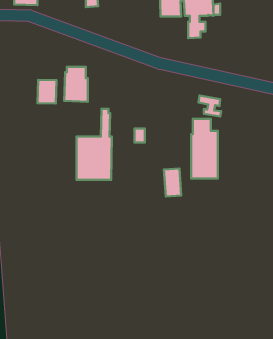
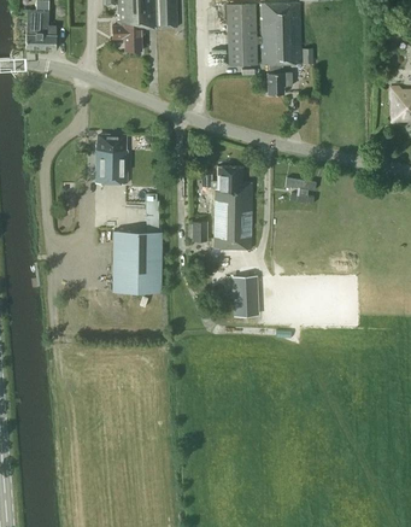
building: [37,80,57,104] -> none
building: [191,119,218,179] -> [215,165,252,248]

